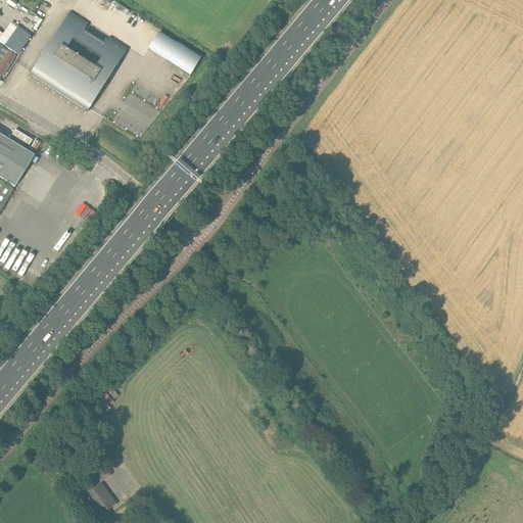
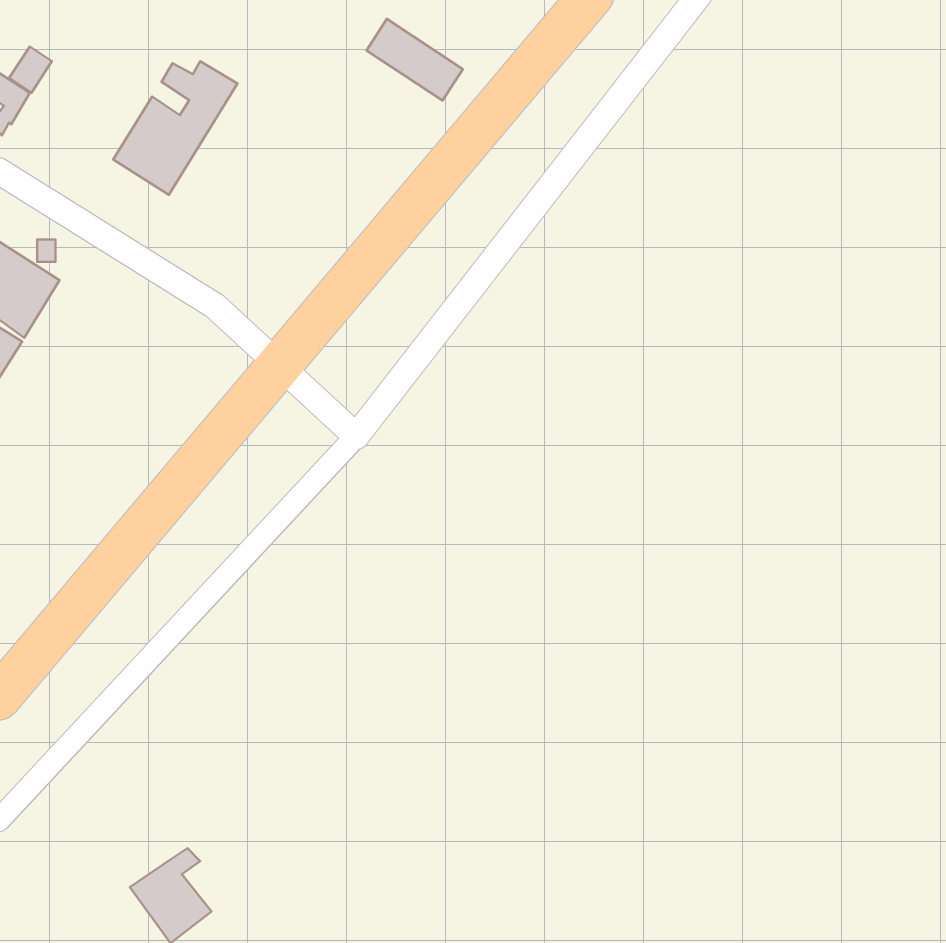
building: [32,9,95,88] -> none
building: [148,29,201,74] -> [366,19,463,101]

